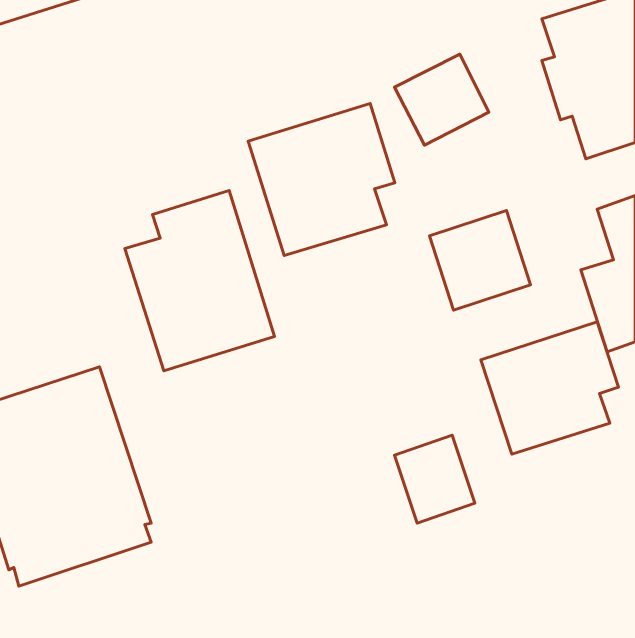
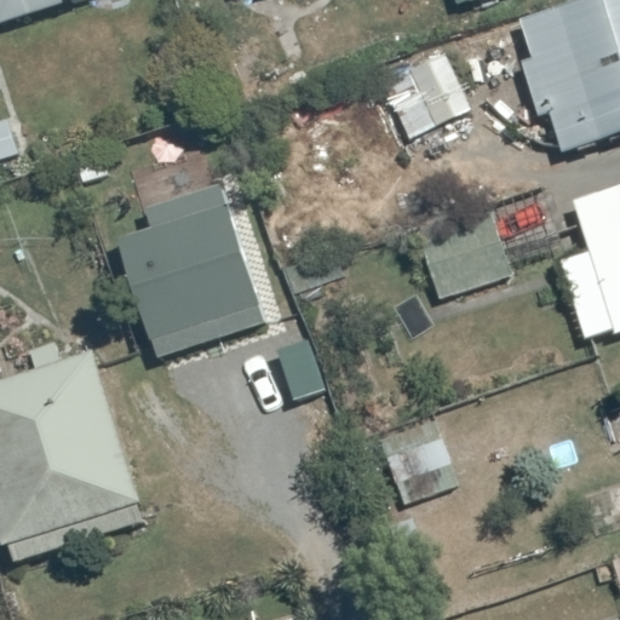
building: [248,103,395,256] -> none
building: [481,322,619,454] -> none

